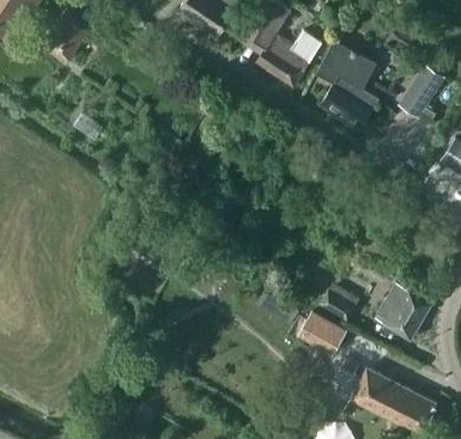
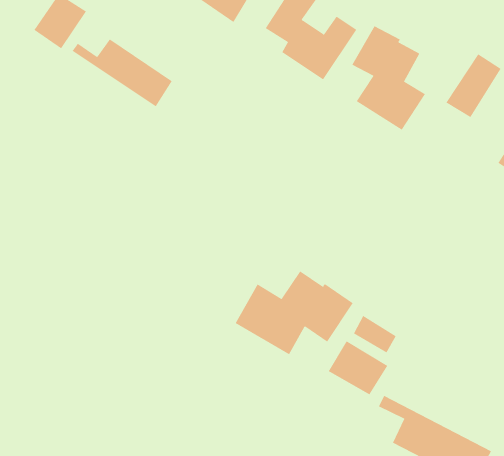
building: none -> [72,39,173,107]
building: none -> [235,271,353,355]
building: [375,282,430,339] -> none

